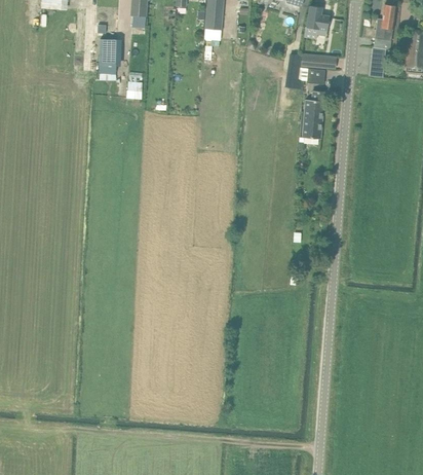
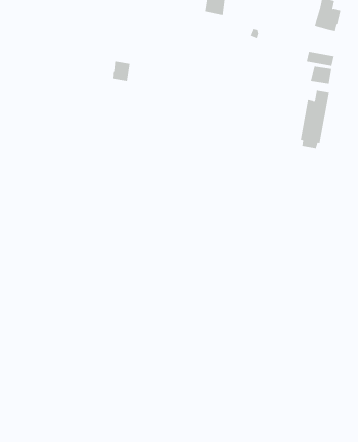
building: [99,37,120,78] -> none

